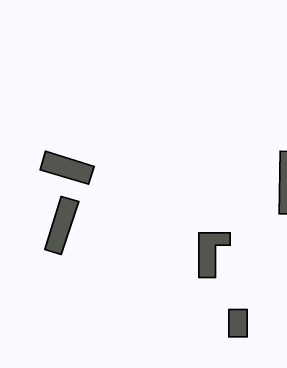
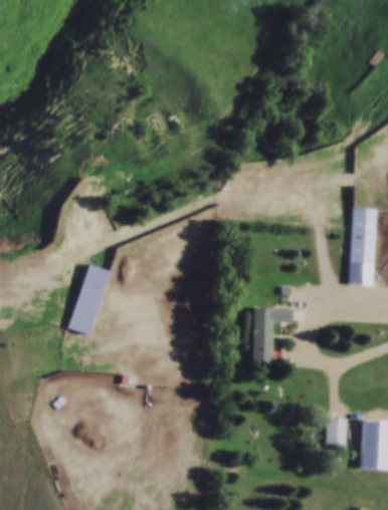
building: [40,151,94,184] -> none
building: [229,309,247,337] -> [327,419,349,452]

